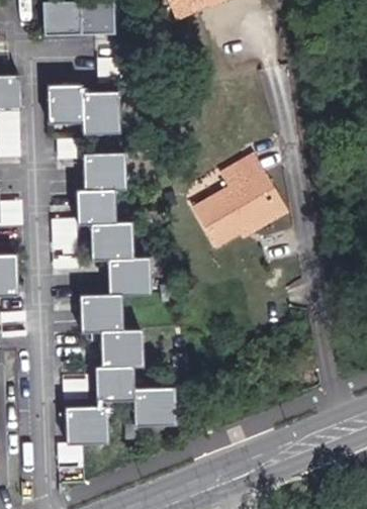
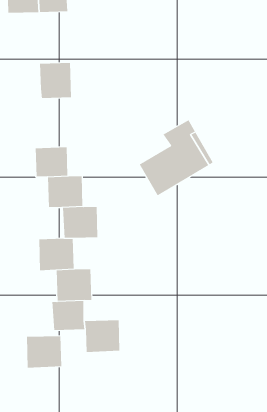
building: [49,85,83,123] -> none
building: [84,152,125,190] -> none

